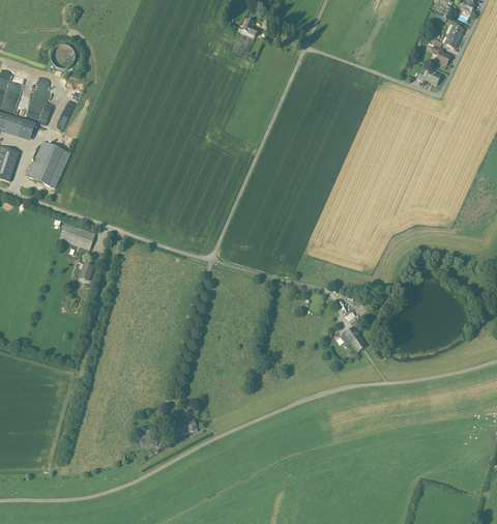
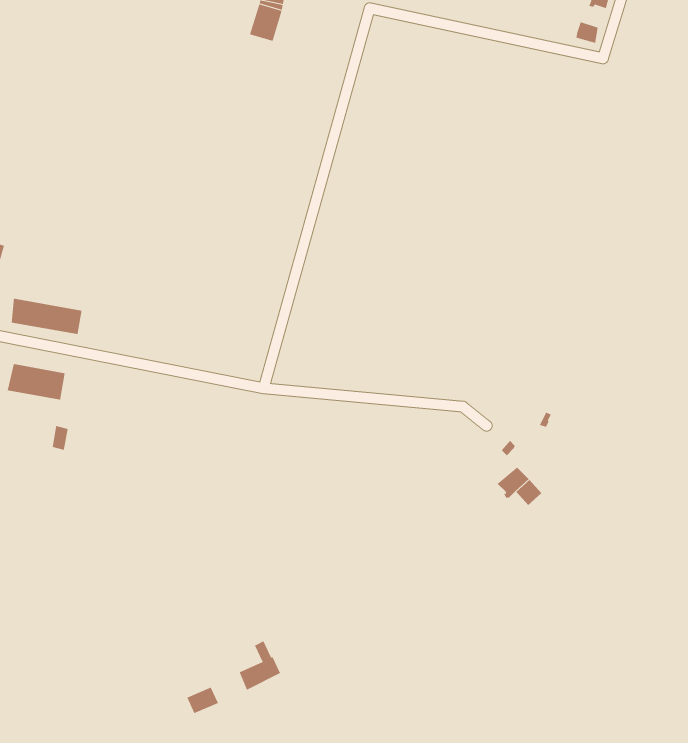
building: none -> [11,298,82,335]

